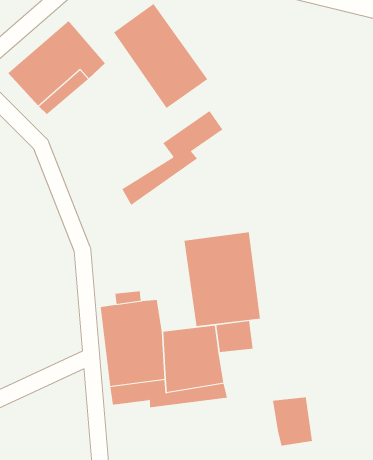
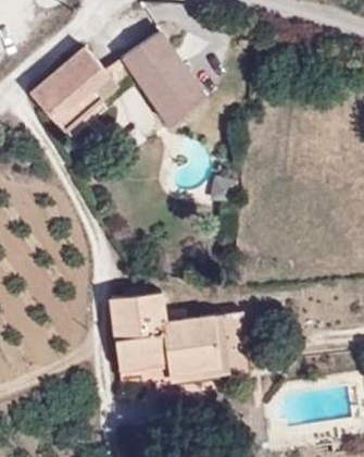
building: [122,110,223,206] -> none
building: [184,232,260,327] -> none
building: [272,397,313,446] -> [214,336,250,380]

